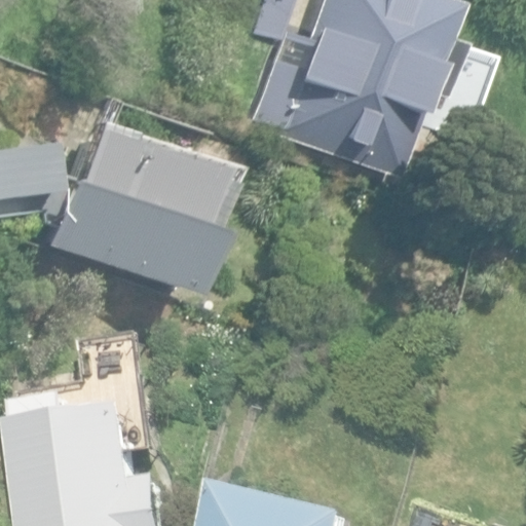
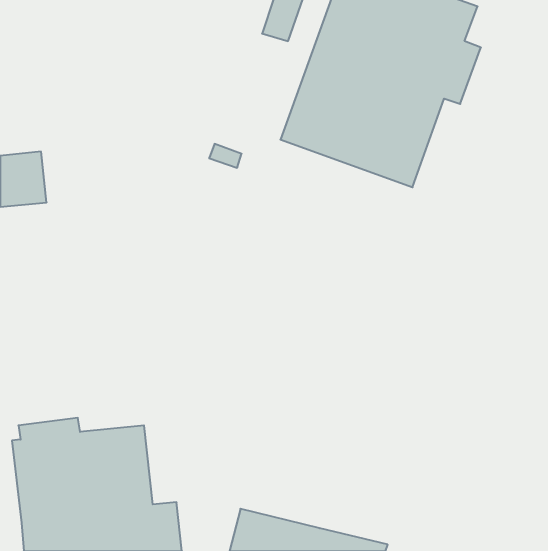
building: [39,128,209,298] -> none

